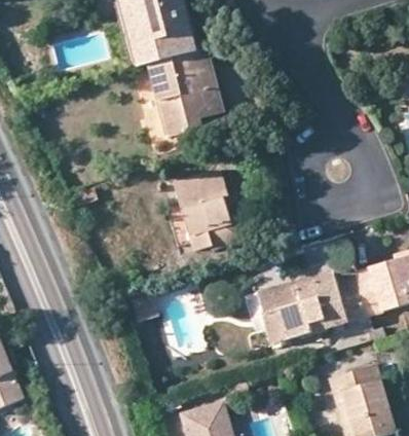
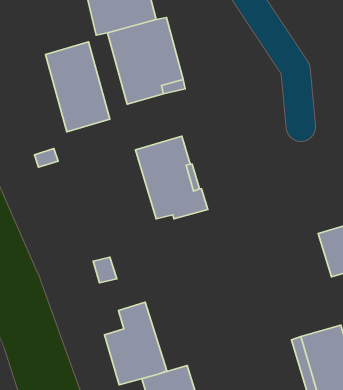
building: none -> [45,42,110,132]
building: [257,269,369,340] -> none
building: none -> [104,302,167,385]

